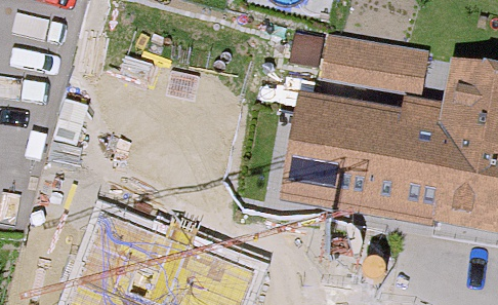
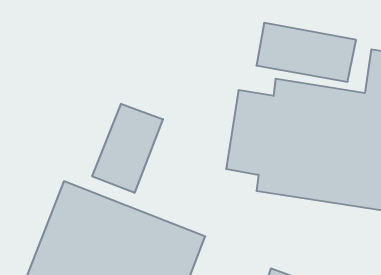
building: none -> [92,104,163,193]

